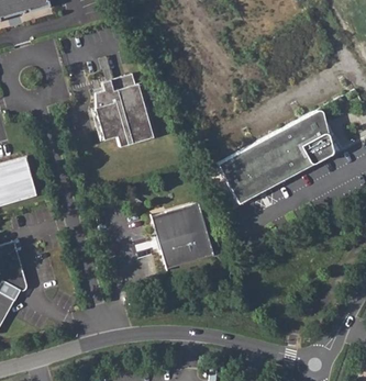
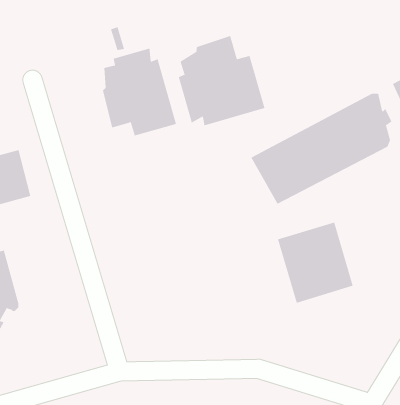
building: none -> [178,35,265,126]
building: [153,202,215,269] -> [277,222,354,303]

